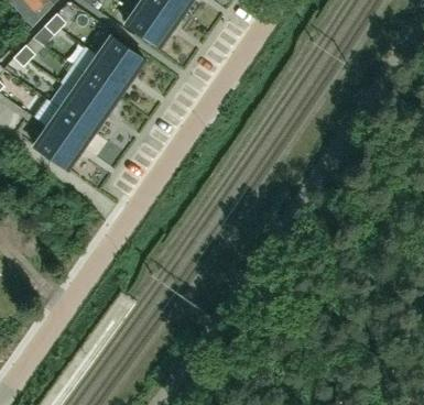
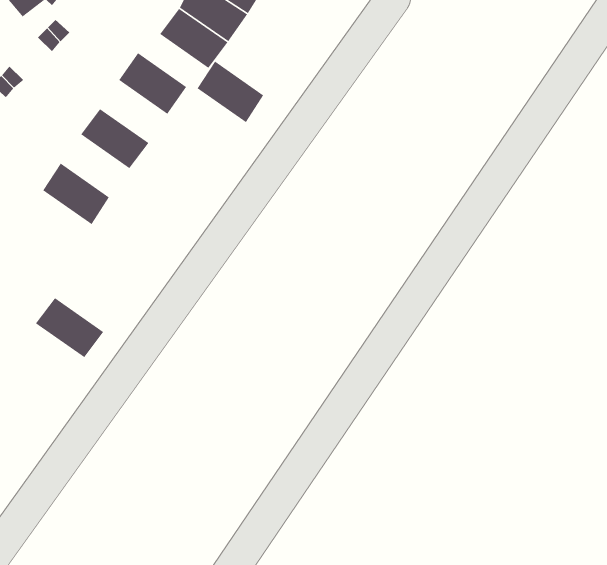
building: [84,54,129,96] -> [197,60,264,123]
building: [57,90,104,132] -> none
building: [32,128,78,168] -> [35,297,104,358]

